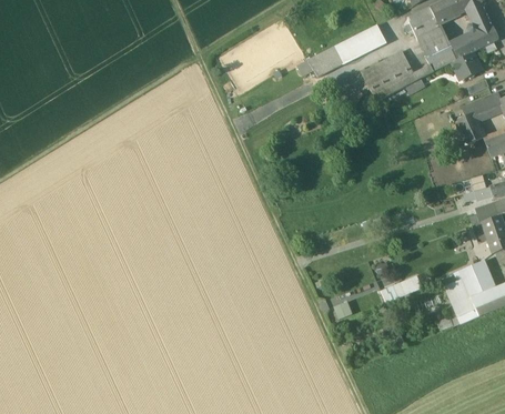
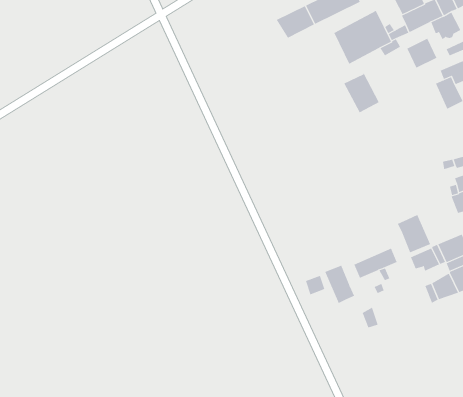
building: none -> [406,38,437,69]
building: none -> [344,73,380,113]
building: none -> [397,214,431,253]
building: none -> [324,265,355,304]

